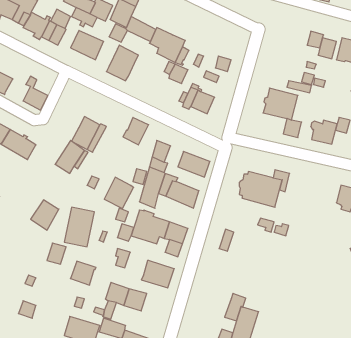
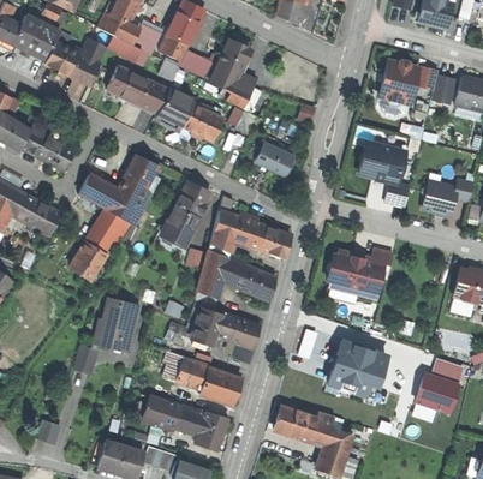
building: none -> [219,41,250,72]
building: none -> [378,60,417,107]
building: none -> [138,80,167,113]
building: none -> [181,103,223,140]
building: none -> [20,121,53,158]
building: none -> [124,155,157,190]
building: none -> [78,175,117,211]
building: none -> [228,212,256,245]
building: [104,177,134,208] -> [160,205,198,246]
building: [31,200,59,230] -> [68,241,106,281]
building: none -> [329,336,394,396]
building: none -> [417,355,467,412]
building: [70,261,96,285] -> [175,357,209,388]
building: none -> [273,407,316,442]
building: none -> [195,411,227,451]

